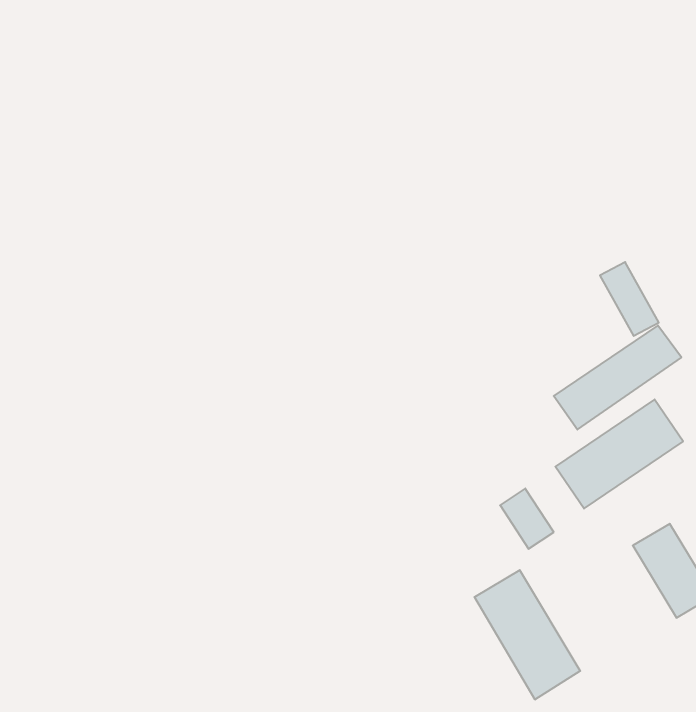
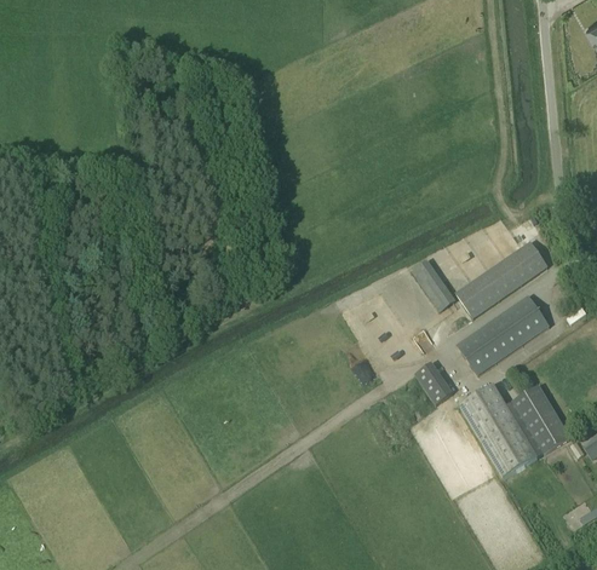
building: [600,262,659,336] -> [414,258,457,311]
building: [474,570,580,699] -> [460,384,536,477]

